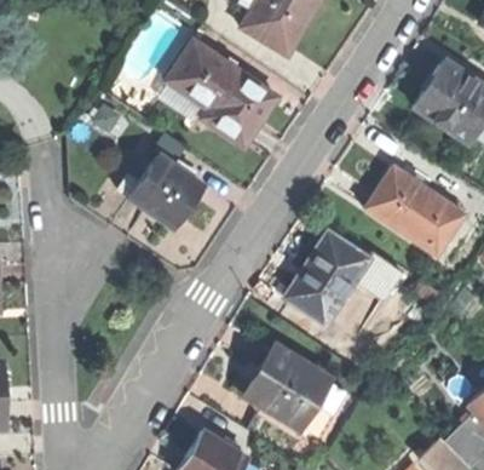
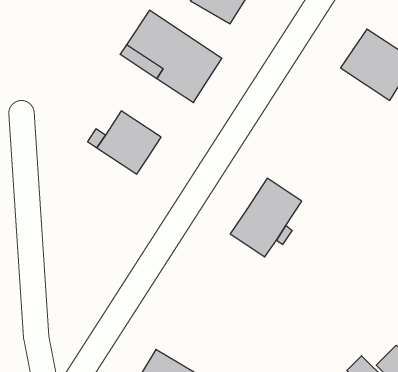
building: [364,166,462,253] -> none
building: [241,345,323,425] -> none

